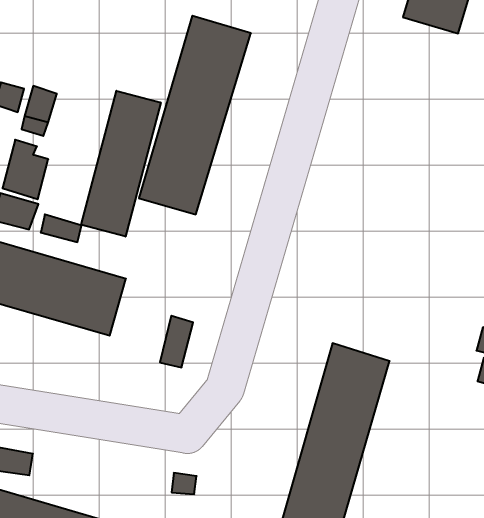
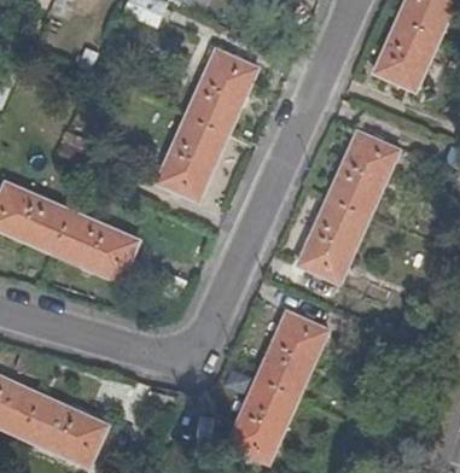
building: [81,91,161,237] -> none
building: none -> [298,133,397,281]

